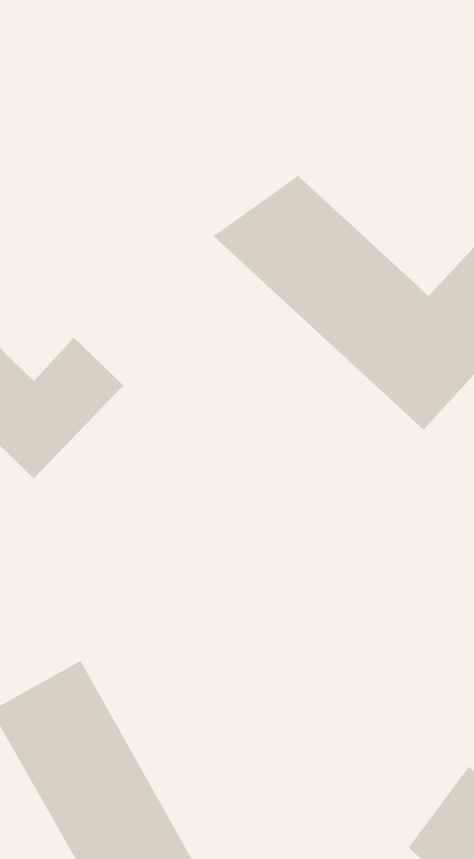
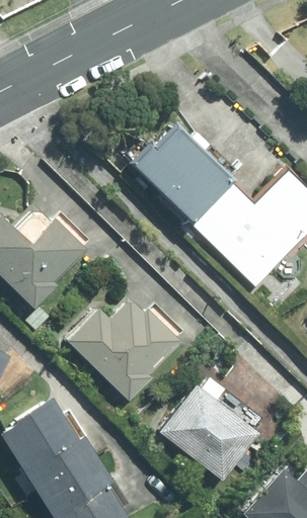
building: none -> [53,291,167,398]
building: none -> [147,380,254,484]

